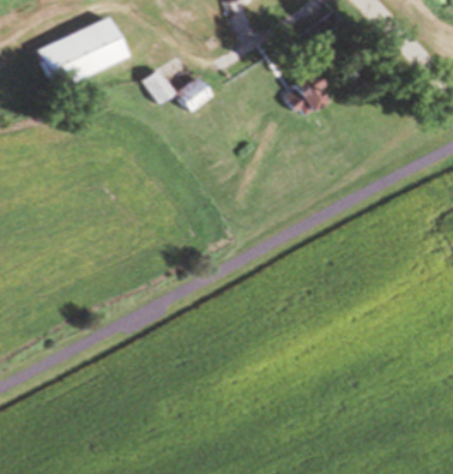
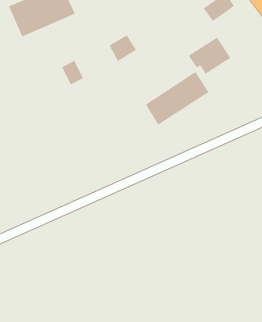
building: [141,68,173,102] -> [61,60,84,85]
building: none -> [145,71,209,125]

